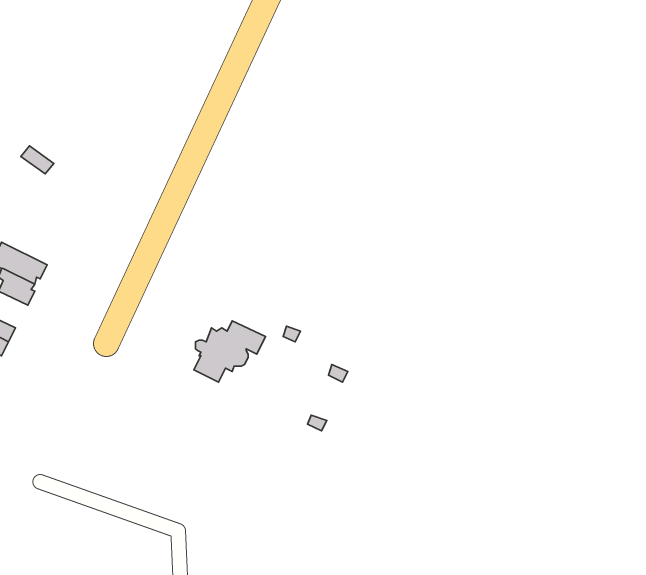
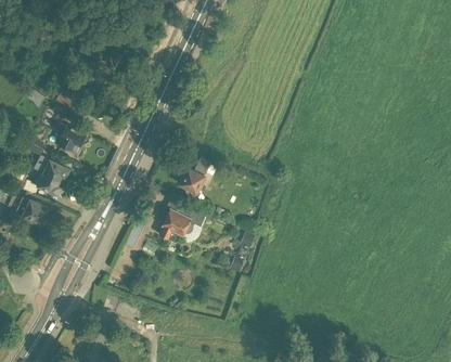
building: none -> [57,124,87,150]
building: none -> [181,156,211,195]

